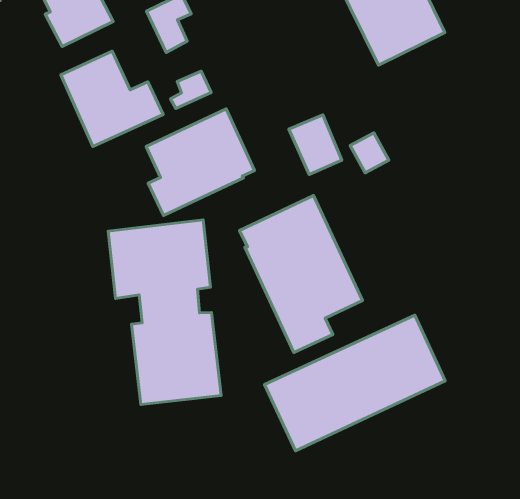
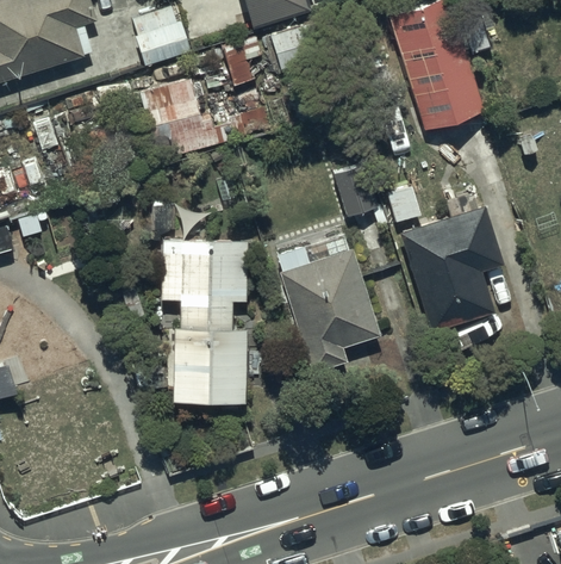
building: [146,109,255,215] -> none
building: none -> [401,196,503,329]
building: [265,315,445,451] -> none

